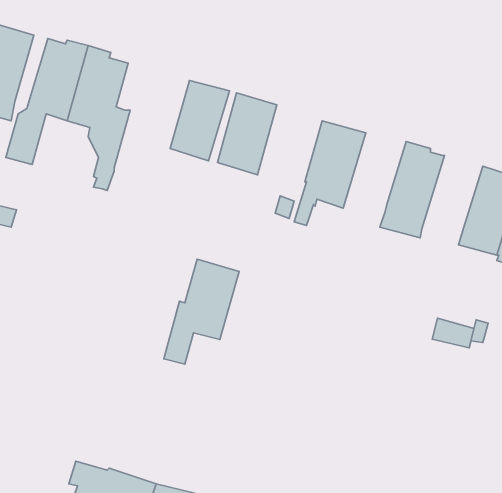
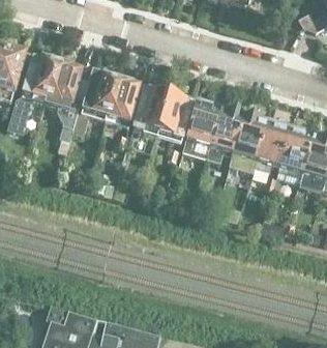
building: none -> [157,93,192,142]
building: none -> [207,110,245,163]
building: none -> [255,123,291,171]
building: [164,259,239,364] -> [72,71,117,134]

